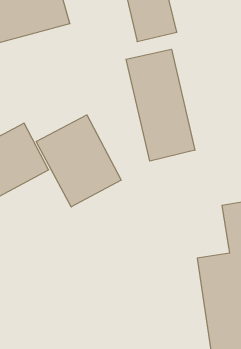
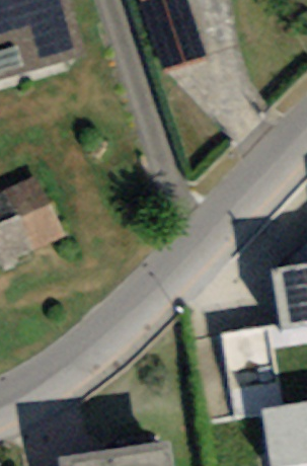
building: [126,49,195,161] -> none
building: [36,115,121,207] -> none

